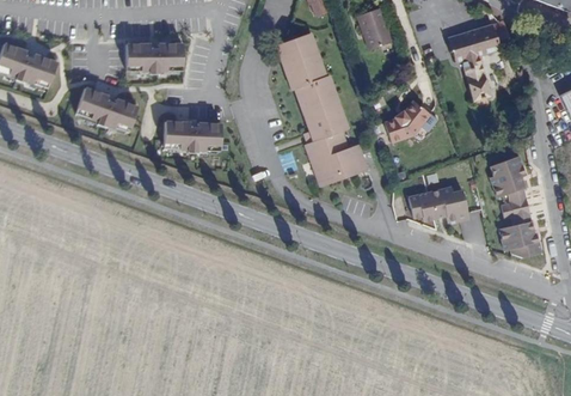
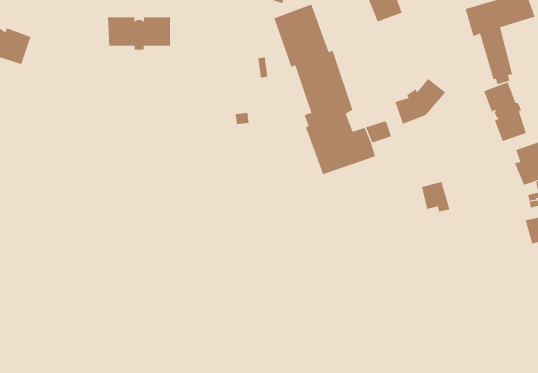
building: [78,87,140,132] -> none
building: none -> [483,81,527,142]
building: [165,121,223,152] -> none
building: [428,187,469,223] -> none

